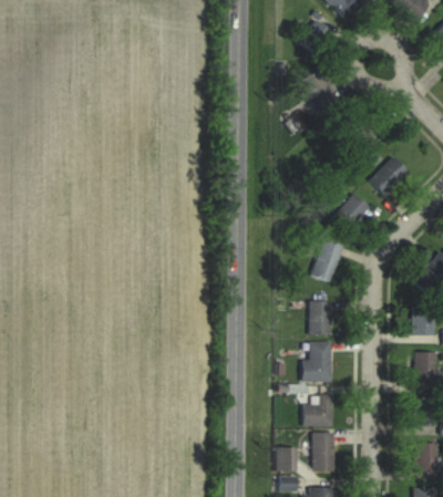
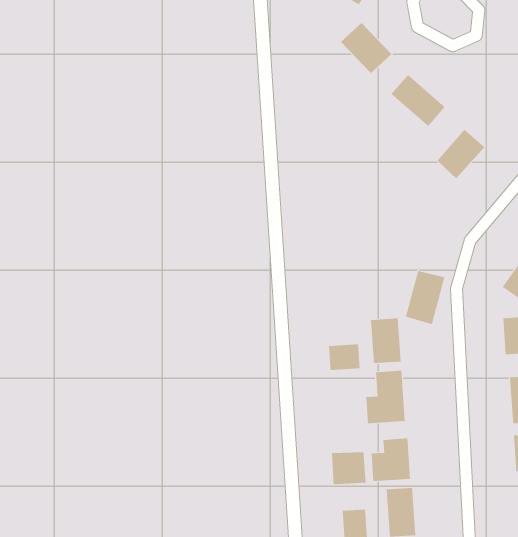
building: [331,191,369,232] -> none
building: [310,239,343,282] -> [405,271,445,325]
building: none -> [328,344,360,371]
building: none -> [332,452,366,485]

